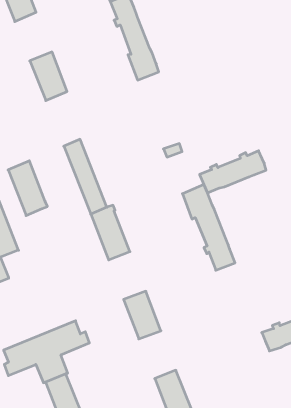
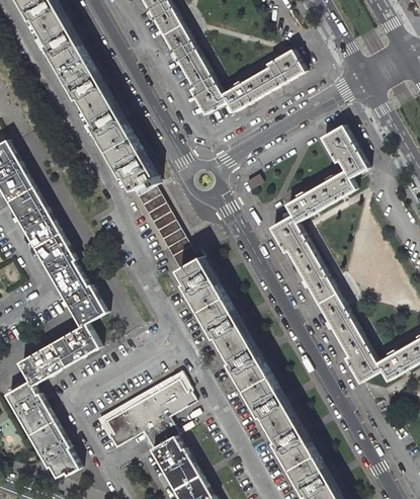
building: none -> [64,59,108,111]
building: none -> [221,50,304,113]
building: none -> [320,124,366,178]
building: [8,161,47,216] -> [109,138,157,196]
building: none -> [201,298,246,349]
building: none -> [317,293,381,383]
building: none -> [246,377,290,428]

